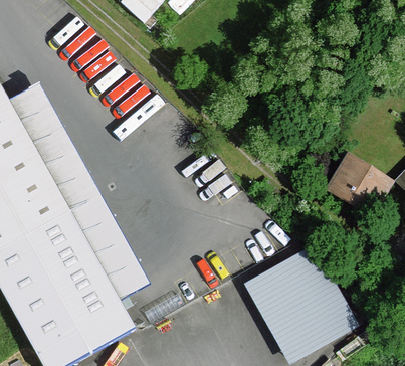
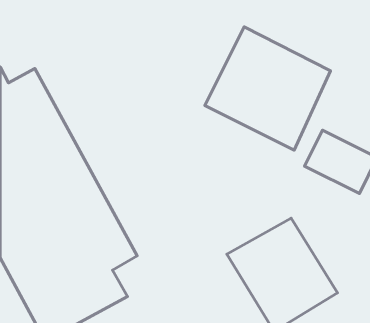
building: none -> [205,27,330,150]

